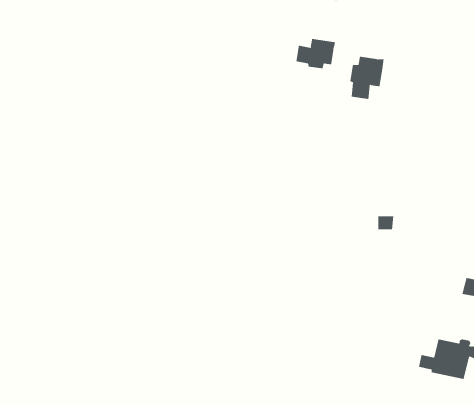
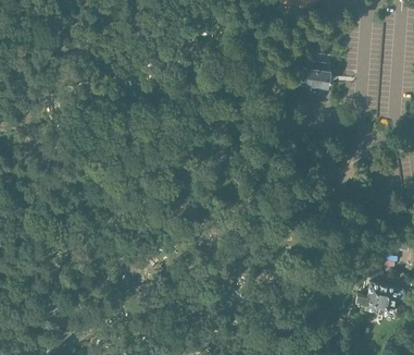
building: [296,38,336,69] -> none

